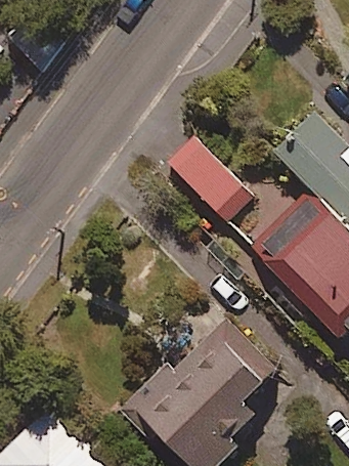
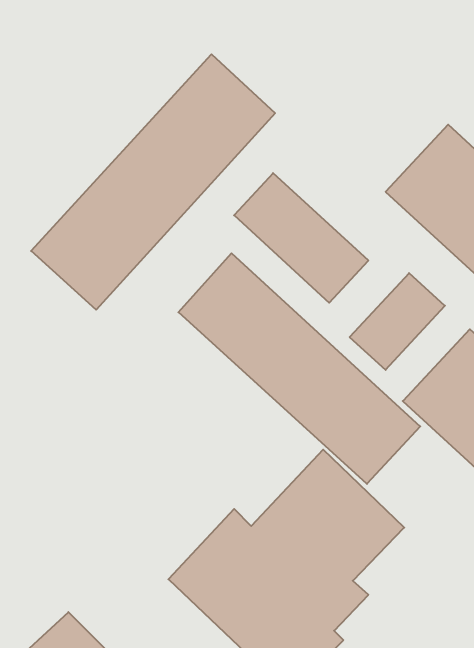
building: none -> [31,54,275,310]
building: none -> [178,253,420,484]

